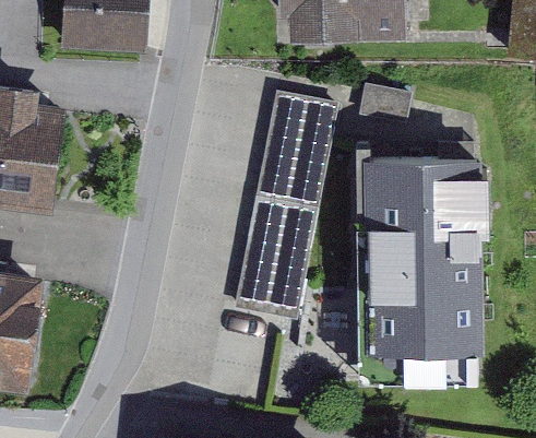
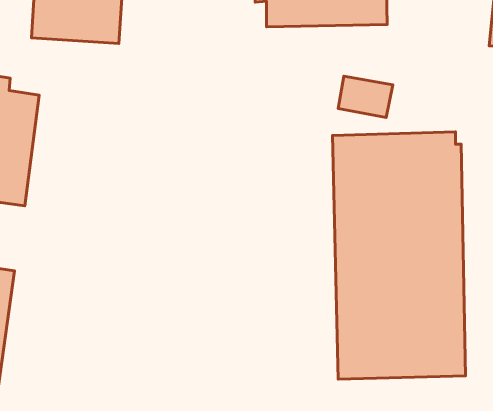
building: [254,93,338,211] -> none
building: [235,238,311,323] -> none

